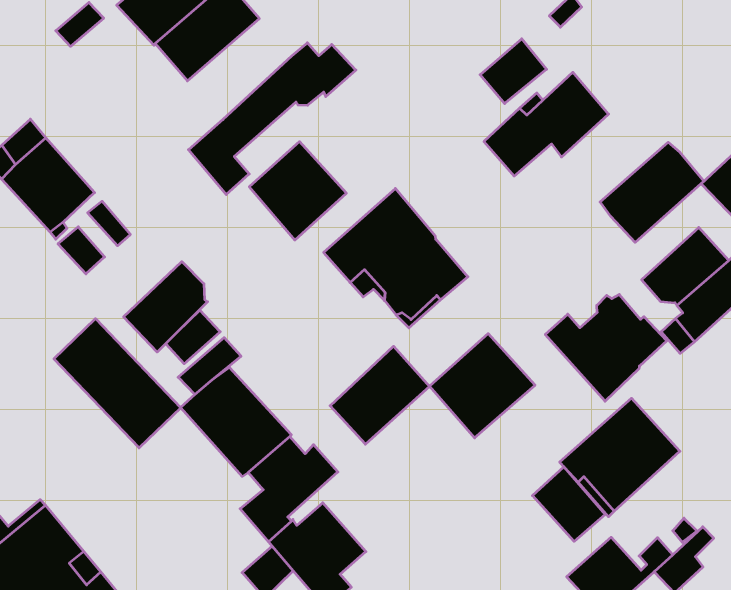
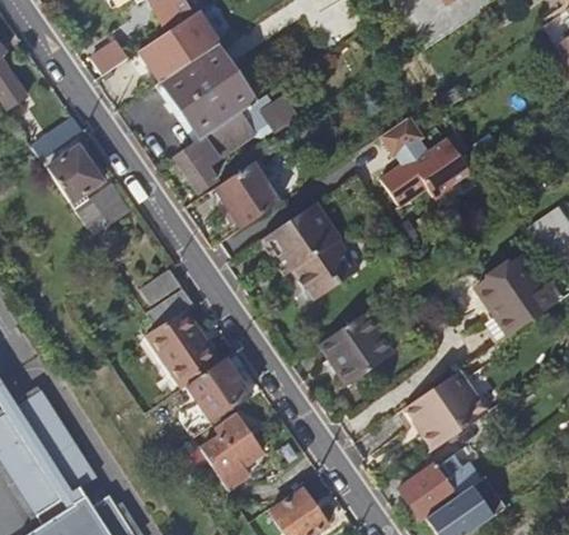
building: none -> [180,72,254,139]
building: [600,142,704,242] -> none
building: [124,262,208,352] -> none
building: [545,294,667,401] -> none
building: [54,319,181,448] -> none
building: [330,346,430,444] -> none
building: [532,467,605,541] -> none

